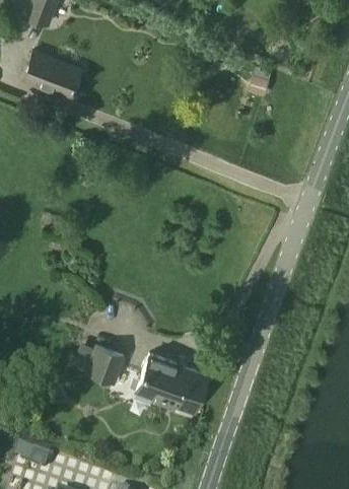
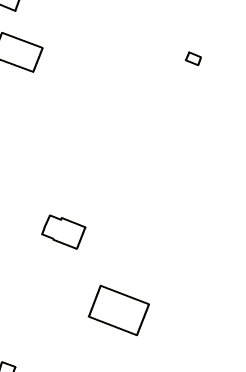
building: [73,342,125,381] -> [42,216,86,249]

